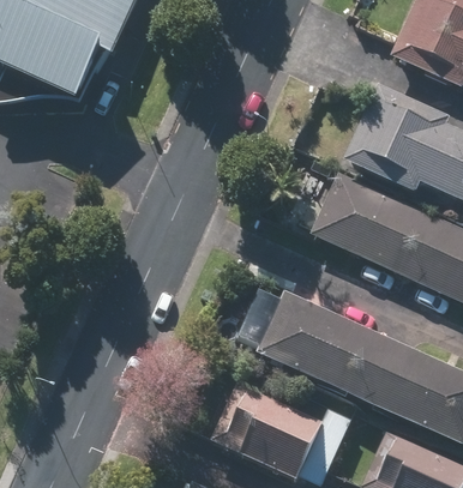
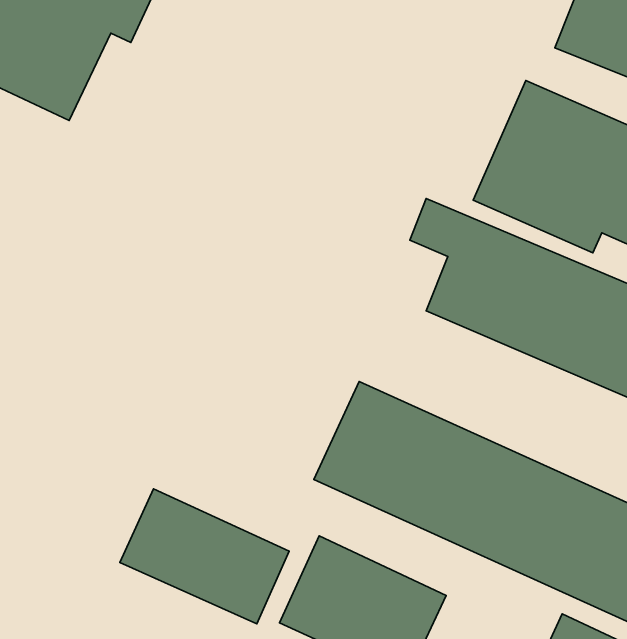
building: none -> [120,489,289,624]

